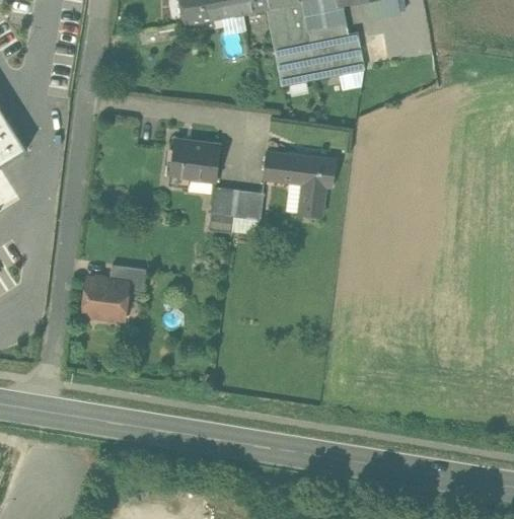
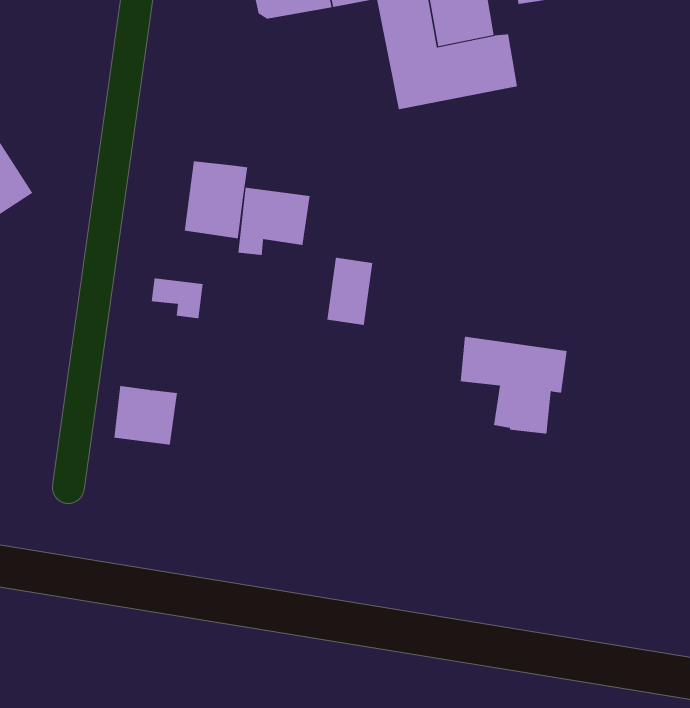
building: none -> [184,160,248,239]
building: [263,148,338,216] -> [460,336,568,434]
building: [208,184,237,231] -> none
building: [109,264,146,292] -> [151,278,203,319]

